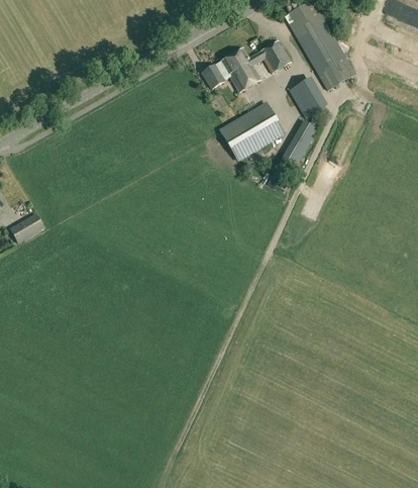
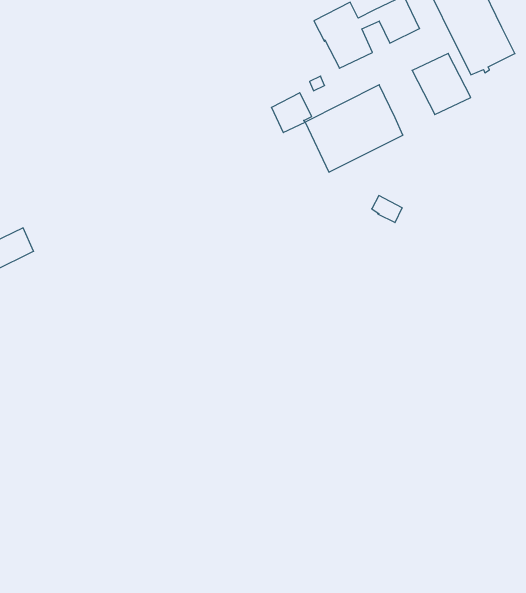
building: [202,62,229,89] -> [271,93,312,133]
building: [281,120,318,168] -> none

